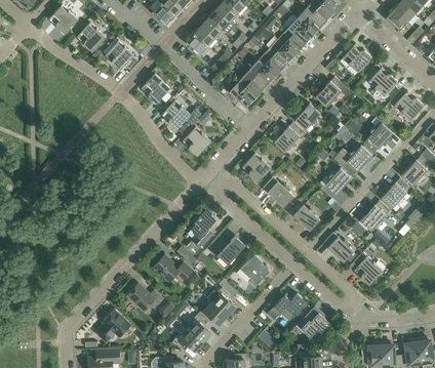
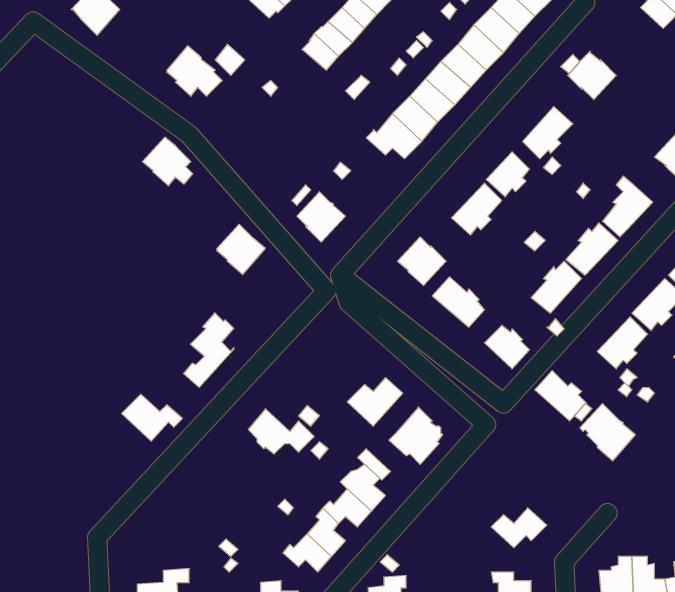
building: [76,23,105,51] -> none
building: [367,67,397,95] -> none
building: [141,74,170,103] -> [142,137,193,186]
building: [161,99,190,129] -> [217,224,265,275]
building: [186,210,215,254] -> [184,313,234,387]
building: [126,283,162,311] -> [122,394,182,441]
building: [267,292,306,320] -> none
building: [95,310,129,341] -> none

